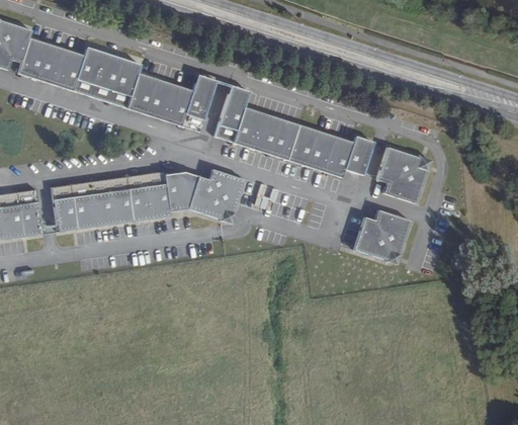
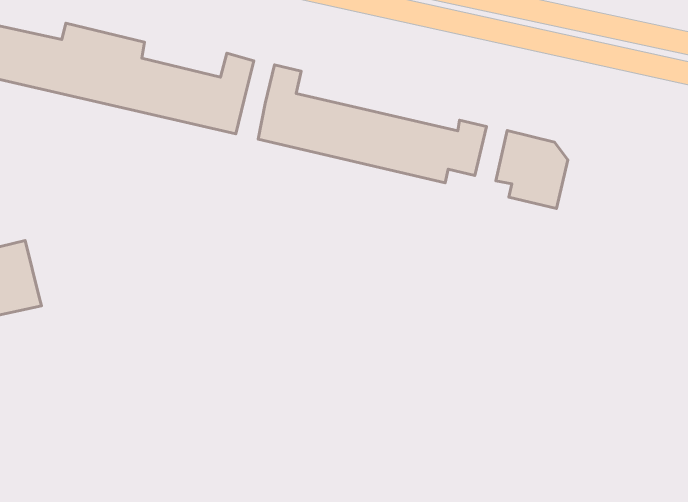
building: [201,79,225,109] -> none
building: [55,171,251,233] -> none
building: [350,205,407,255] -> none

